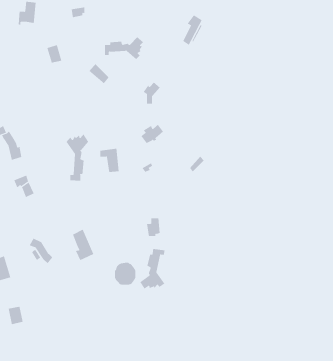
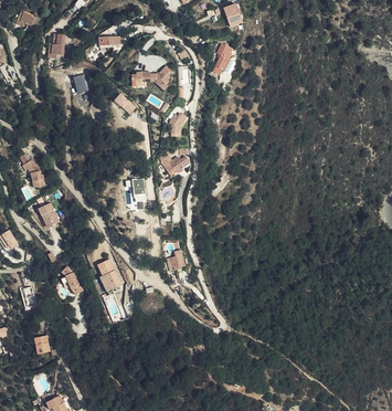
building: [66,134,89,181] -> none
building: [139,248,165,289] -> none

